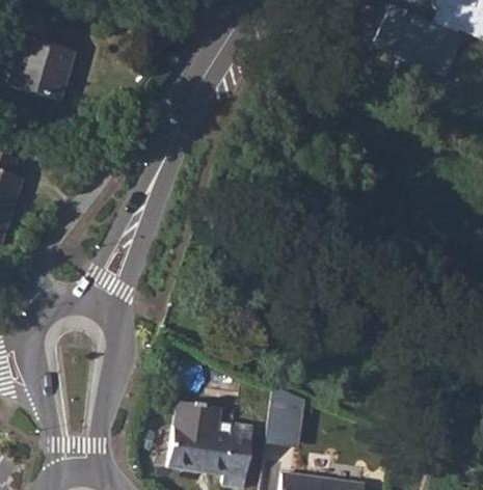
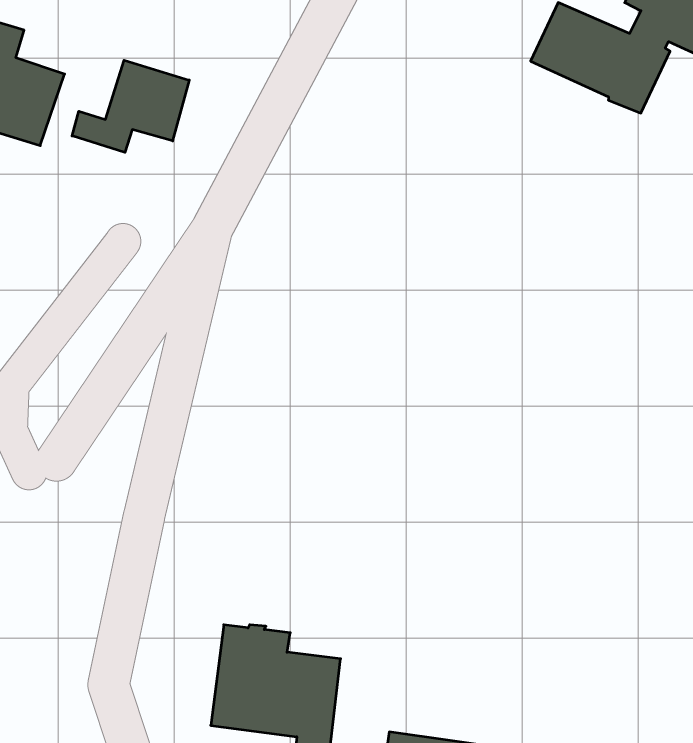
building: none -> [72,60,189,152]
building: [270,387,305,442] -> none

